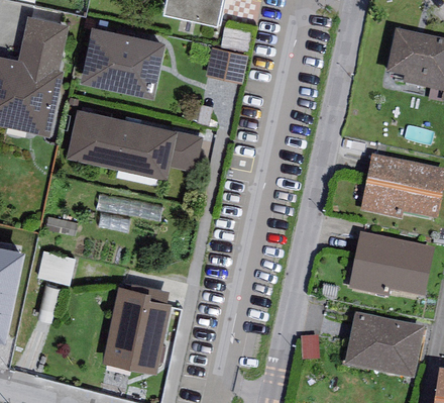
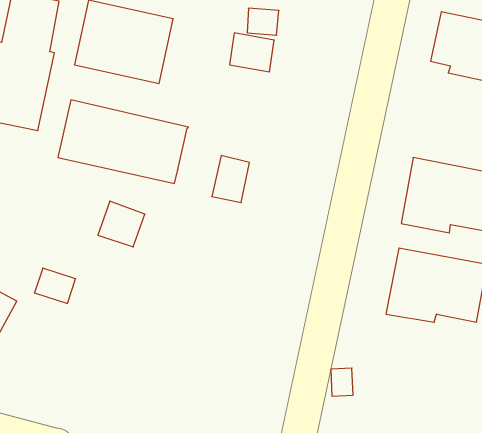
building: [170,131,202,172] -> [212,155,249,203]
building: [102,283,172,372] -> none
building: [344,314,424,381] -> none

